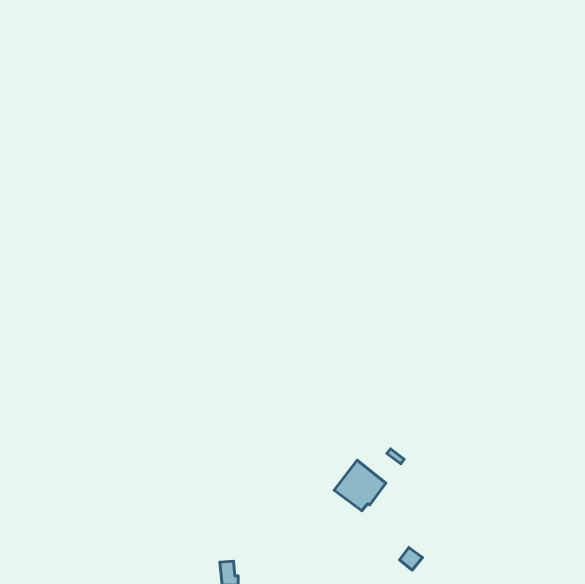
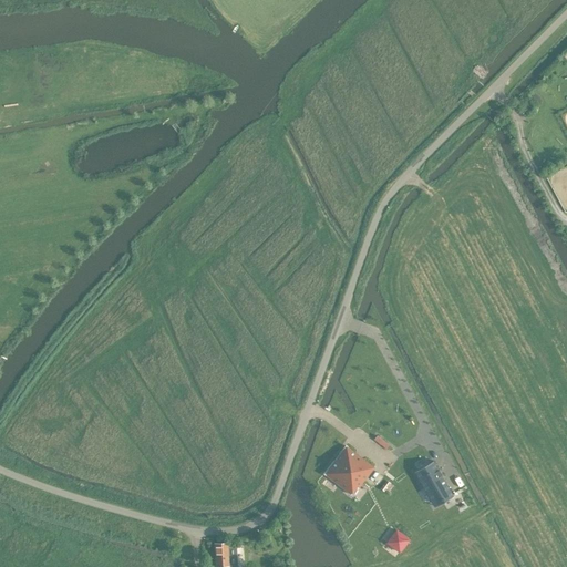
building: none -> [413,462,453,504]

